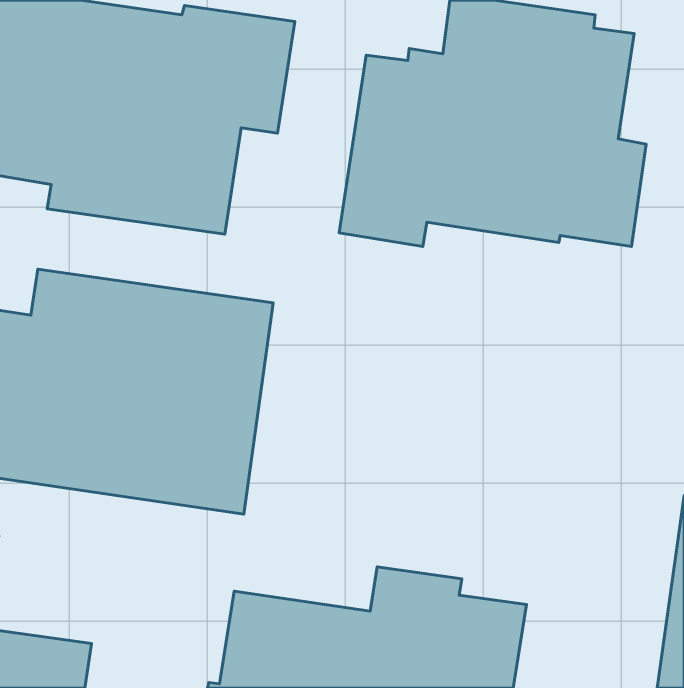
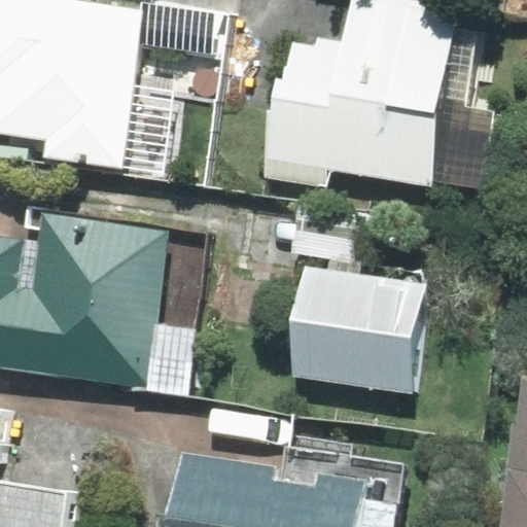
building: none -> [290,269,422,392]

